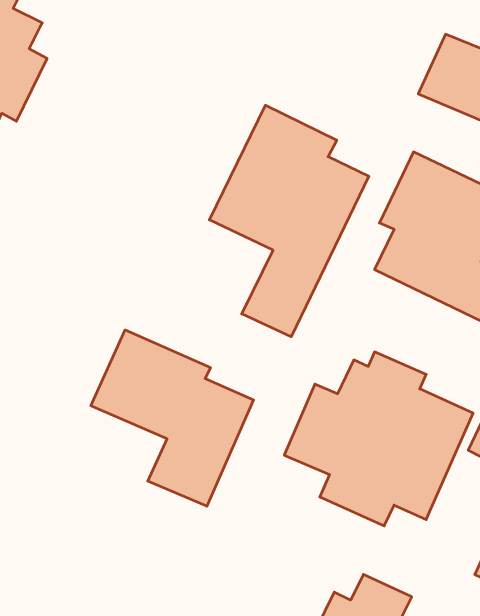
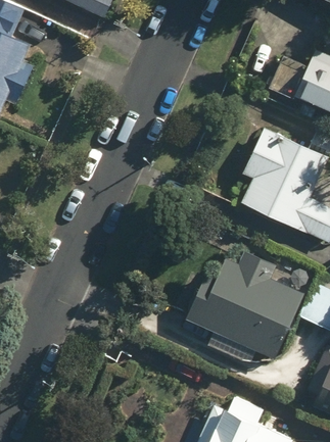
building: [209,105,369,337] -> none
building: [91,330,254,506] -> none

